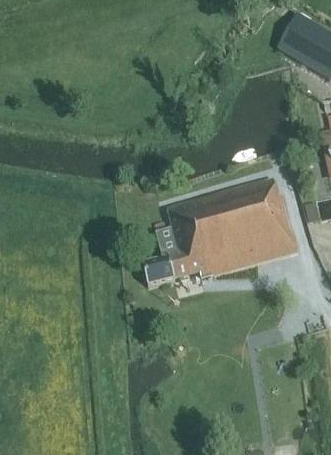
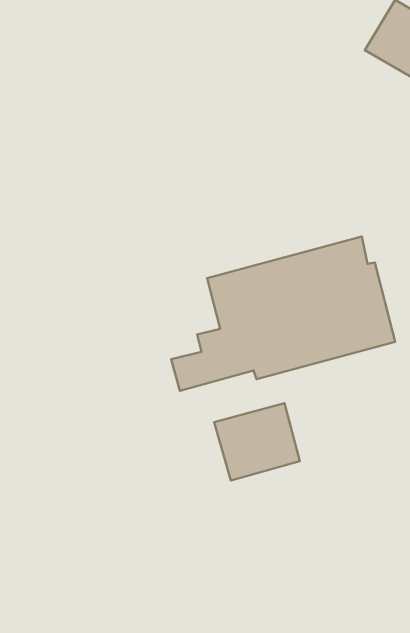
building: none -> [214,403,300,481]

